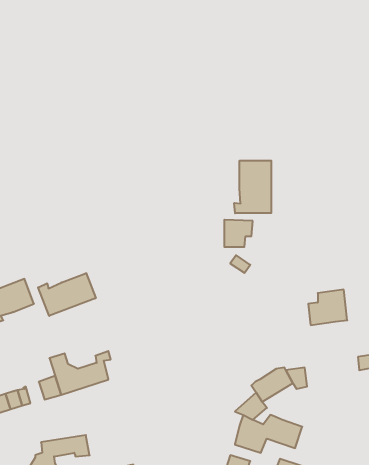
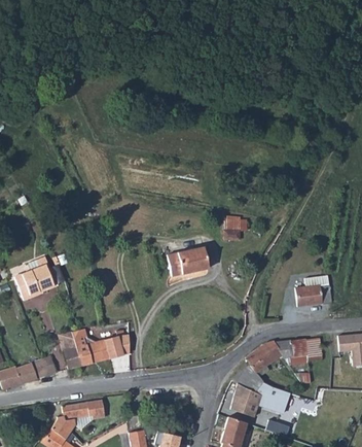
building: [234,161,271,213] -> none
building: none -> [167,247,208,277]
building: [38,273,96,316] -> none
building: none -> [300,337,324,365]

